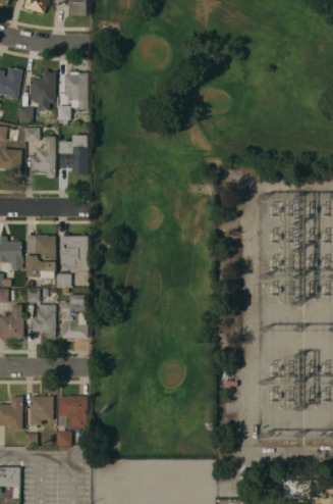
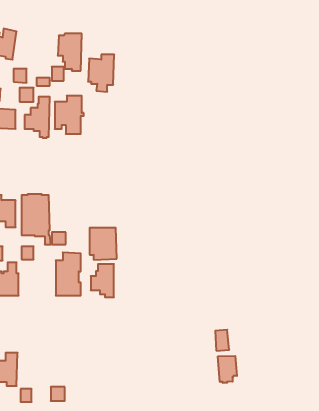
building: [29,71,55,109] -> [88,55,114,92]
building: [60,236,88,268] -> [90,228,117,260]
building: [32,304,55,338] -> [91,264,114,297]
building: [31,396,53,424] -> none
building: [58,396,88,427] -> none
building: none -> [218,356,237,383]

